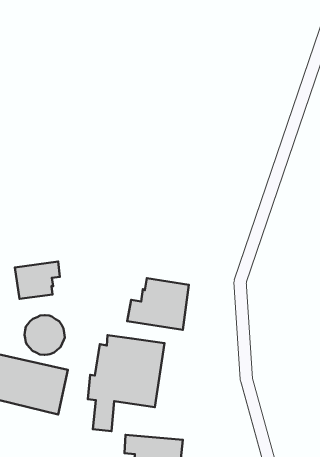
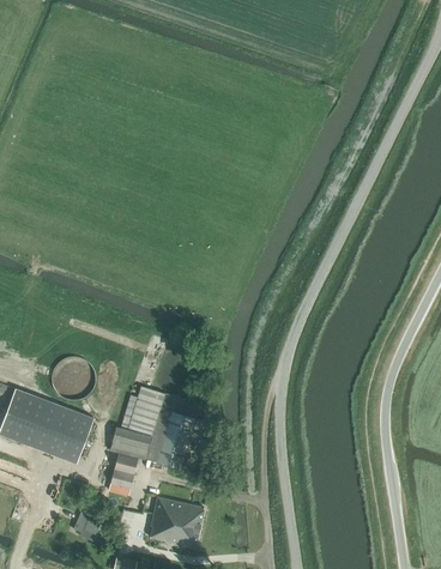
building: [15,262,60,299] -> none
building: [127,278,189,330] -> none

